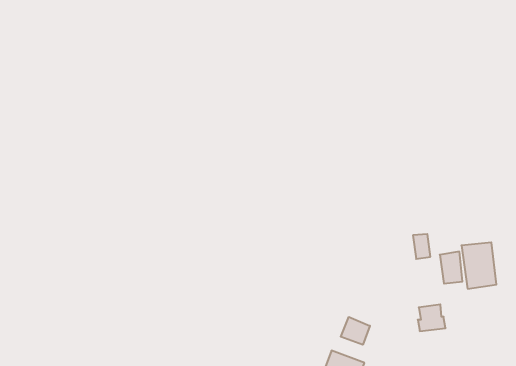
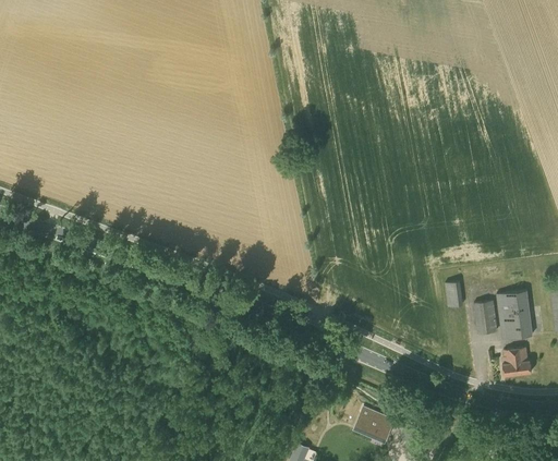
building: [418,304,446,331] -> [500,348,530,376]
building: [341,317,370,345] -> none

